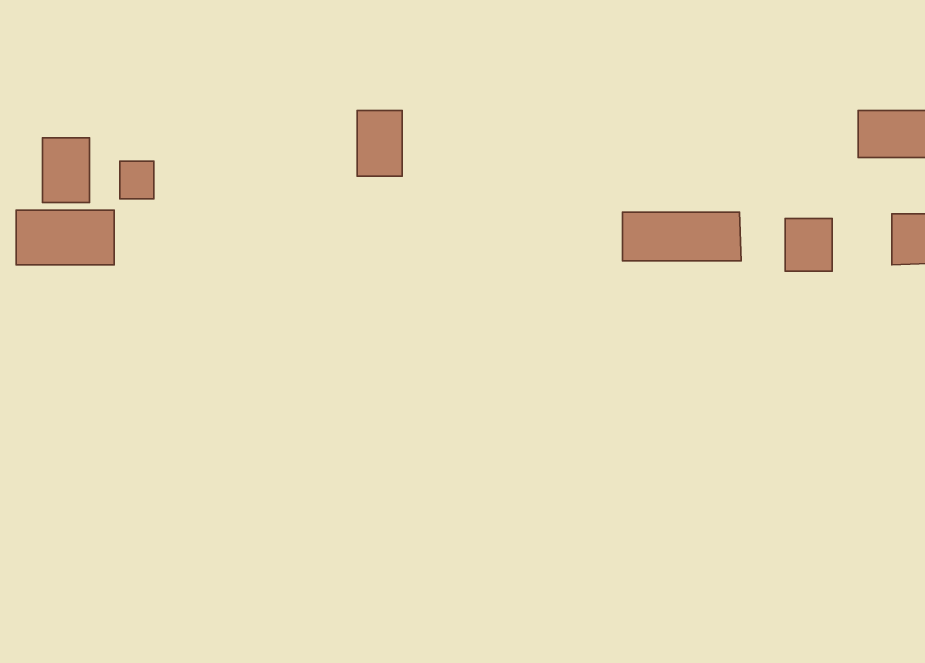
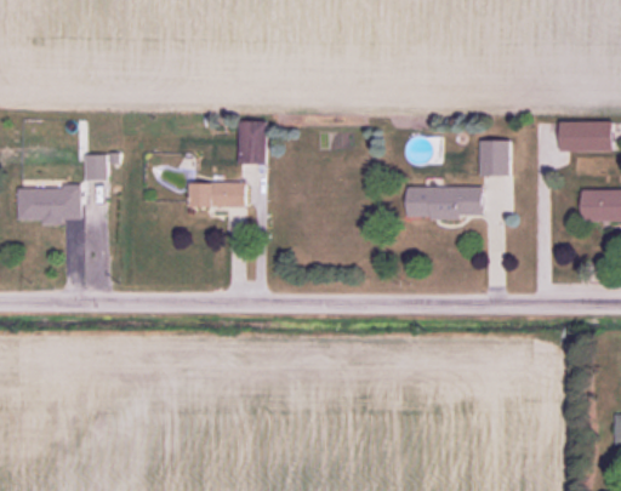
building: [42,138,90,202] -> none
building: none -> [189,183,245,207]
building: [785,219,832,271] -> [479,141,509,175]

